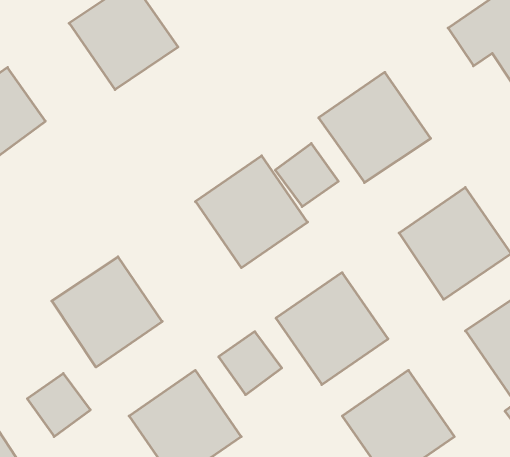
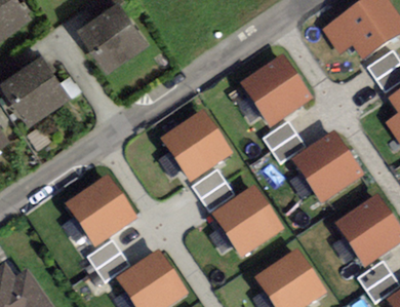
building: [275,143,338,207] -> [264,118,305,159]
building: [219,332,282,395] -> [195,167,236,208]
building: [27,373,90,437] -> [89,238,130,279]

